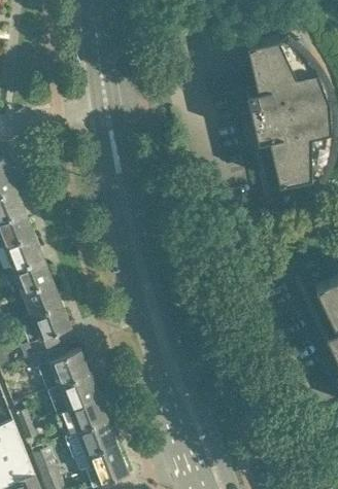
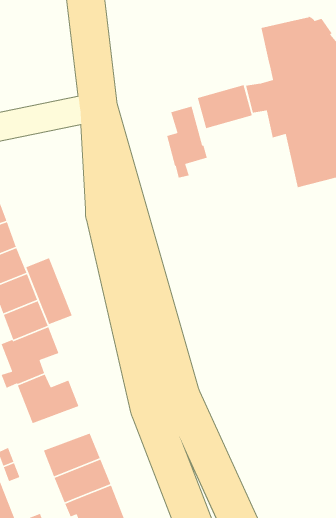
building: none -> [197,84,253,129]
building: none -> [166,106,208,179]
building: none -> [25,257,73,325]
building: [47,374,98,412] -> none

